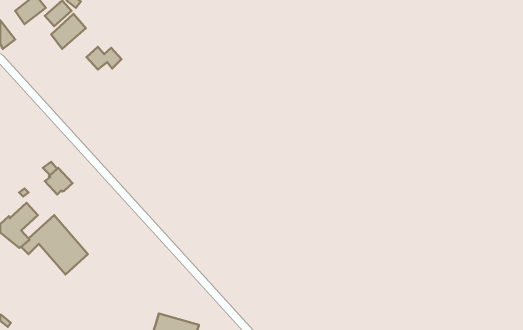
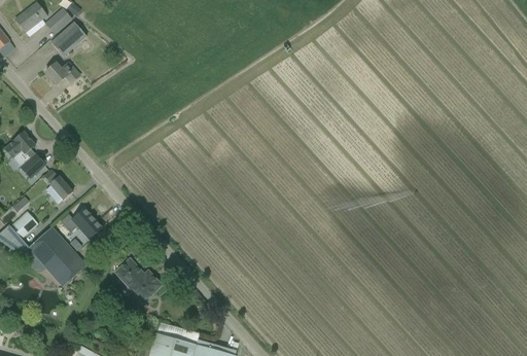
building: [87,47,122,69] -> [45,63,80,85]
building: none -> [5,133,45,179]
building: none -> [60,209,101,239]
building: none -> [115,260,161,304]

